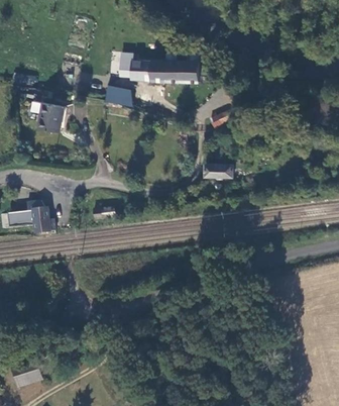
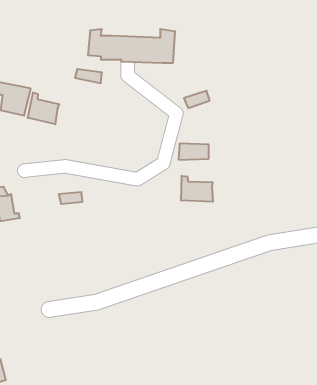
building: none -> [28,92,59,124]
building: none -> [181,176,213,202]

